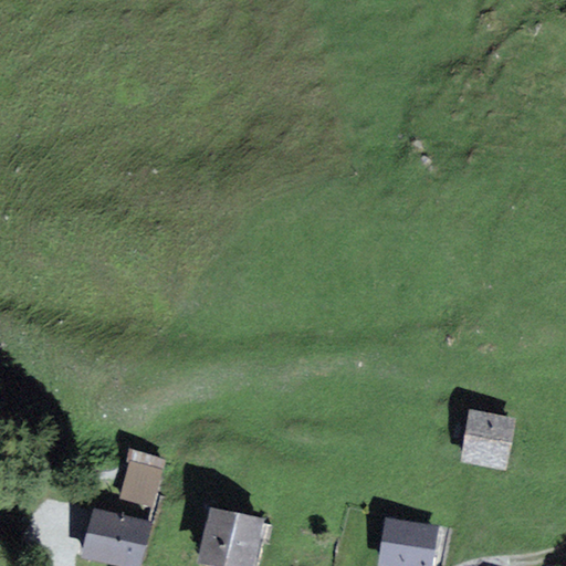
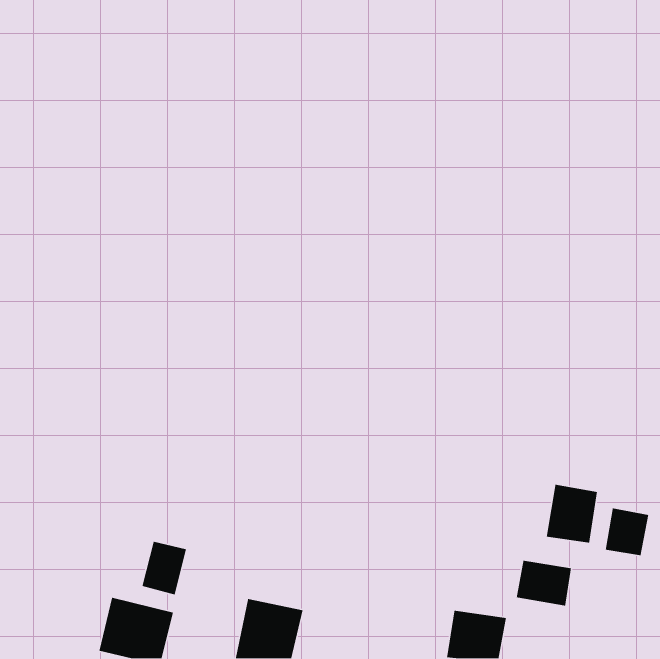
building: none -> [605,507,649,556]
building: none -> [516,560,572,607]

